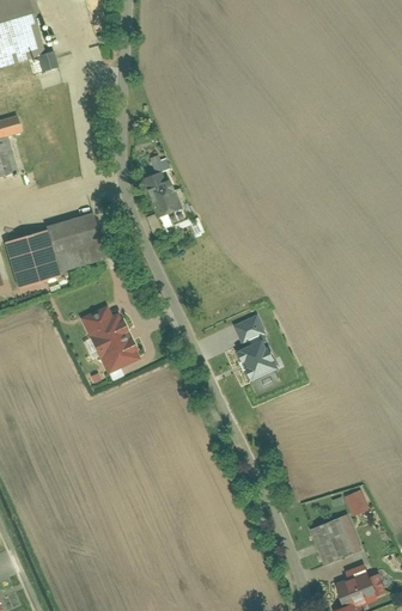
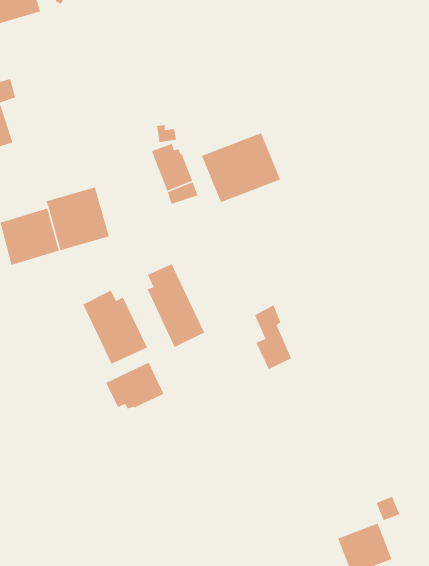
building: none -> [201,132,281,203]
building: none -> [146,263,205,348]
building: none -> [105,362,164,410]

